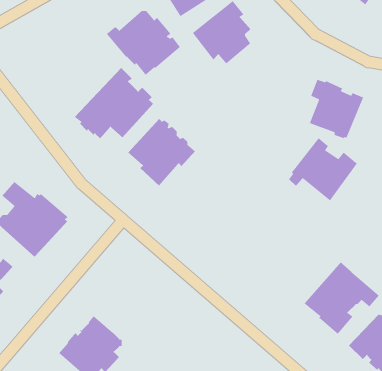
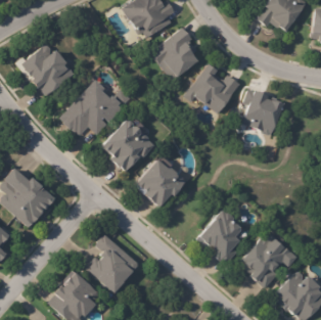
building: [106,10,181,76] -> [15,45,74,96]
building: [288,137,358,201] -> [185,63,239,113]
building: none -> [134,159,185,208]
building: none -> [196,210,240,263]
building: none -> [85,235,137,293]

